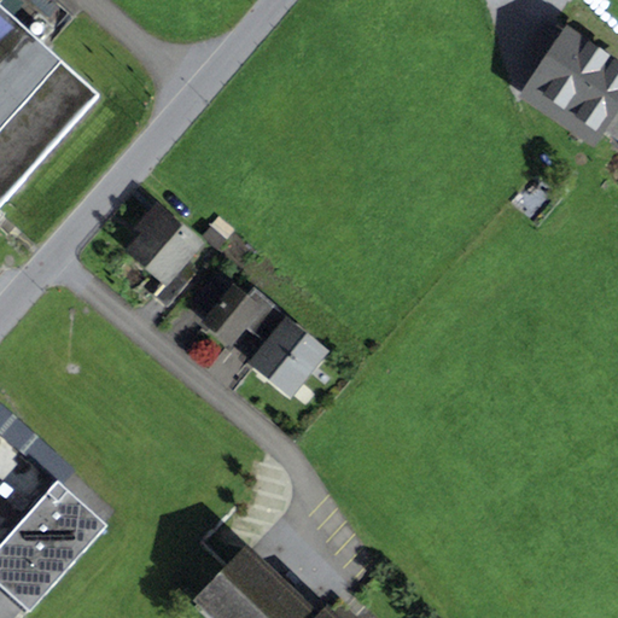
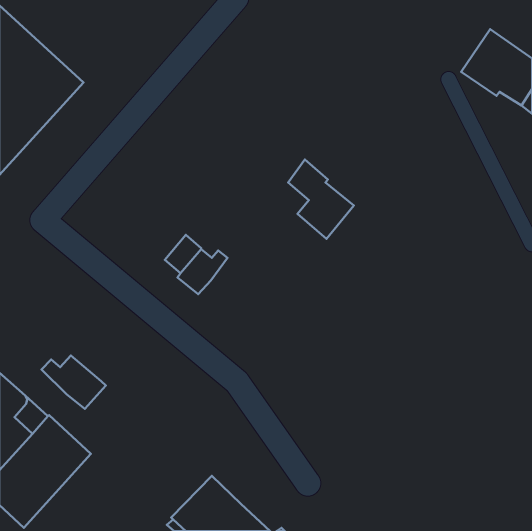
building: [132,208,196,305] -> none
building: [244,298,320,390] -> [288,160,354,239]
building: none -> [42,356,106,409]

